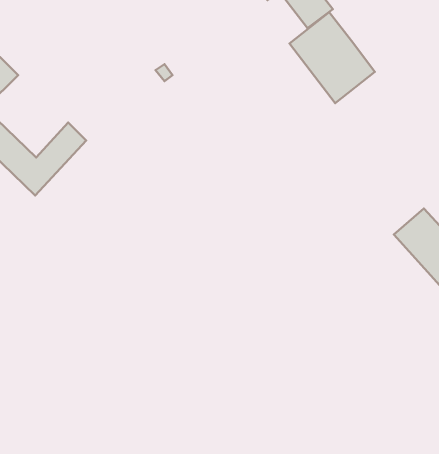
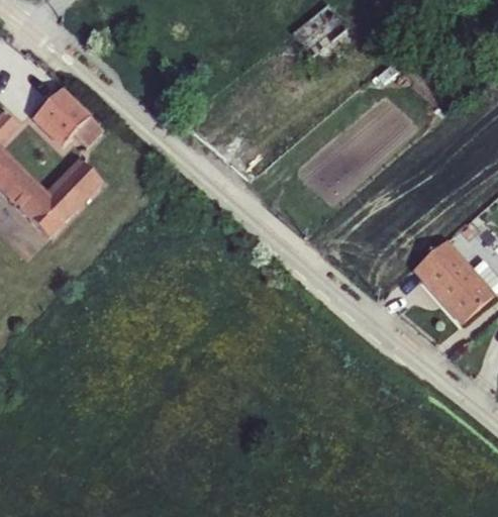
building: [289,12,375,103] -> none
building: none -> [36,88,104,147]

